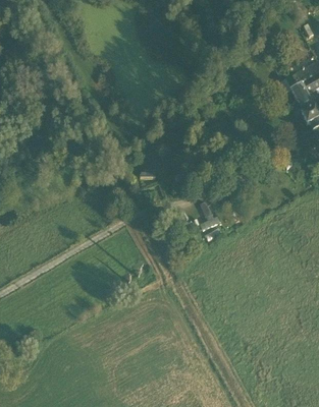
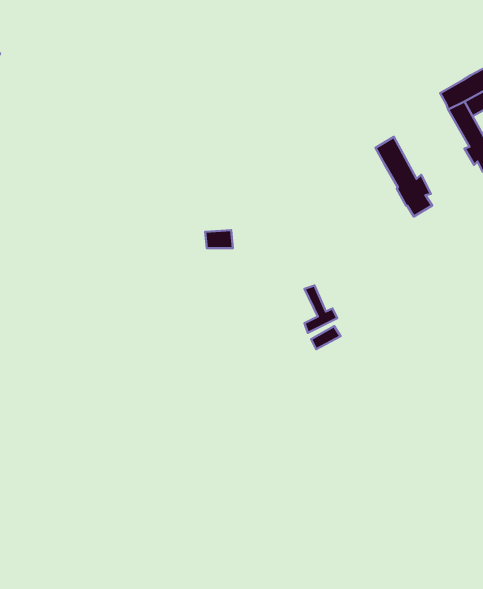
building: none -> [375,137,432,216]

